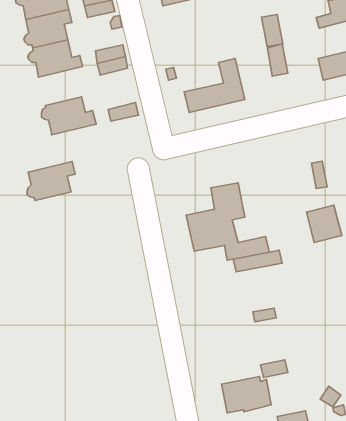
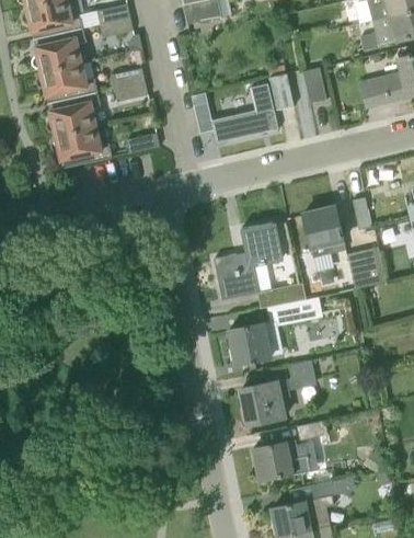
building: [261,14,283,47] -> [271,73,295,110]
building: [27,162,75,201] -> [47,92,101,136]
building: none -> [303,206,346,257]
building: none -> [229,322,269,364]
building: none -> [241,379,290,424]

